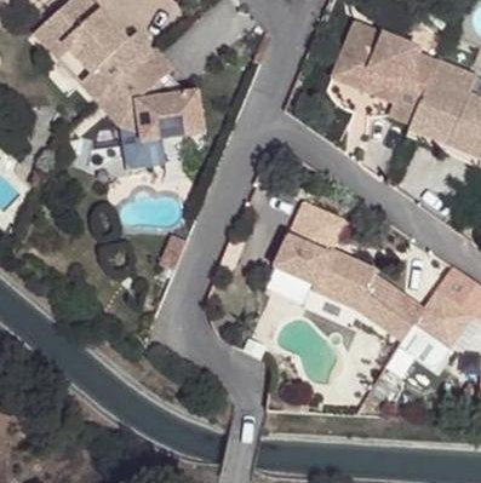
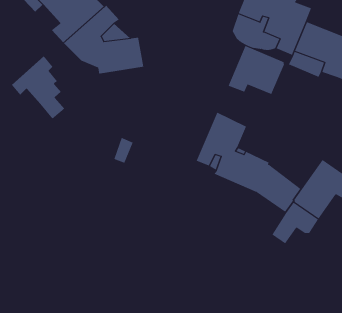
building: none -> [228,45,285,95]
building: none -> [11,55,65,119]

